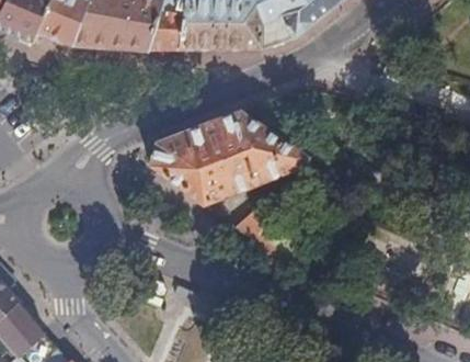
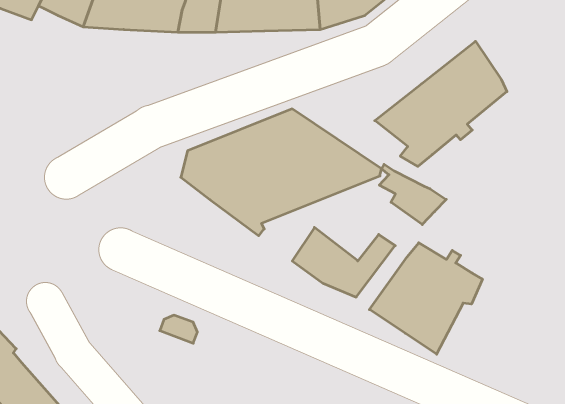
building: none -> [375,41,507,166]
building: none -> [379,164,446,225]
building: none -> [369,243,482,354]

